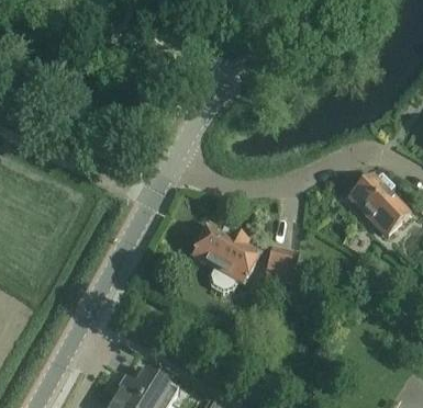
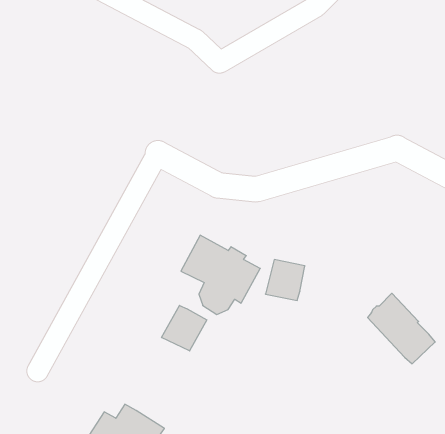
building: [349,173,408,234] -> [368,293,435,364]
building: none -> [162,305,207,351]

